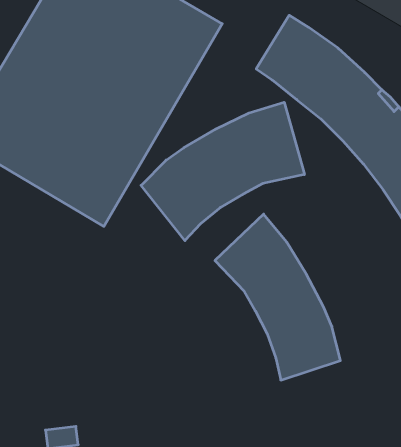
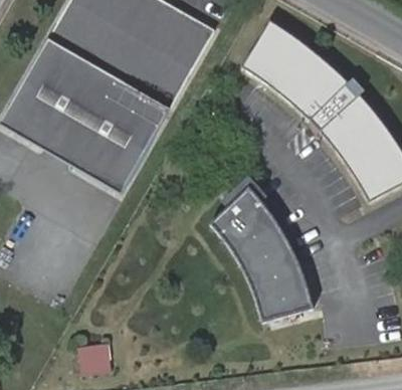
building: [141,102,304,241] -> none

